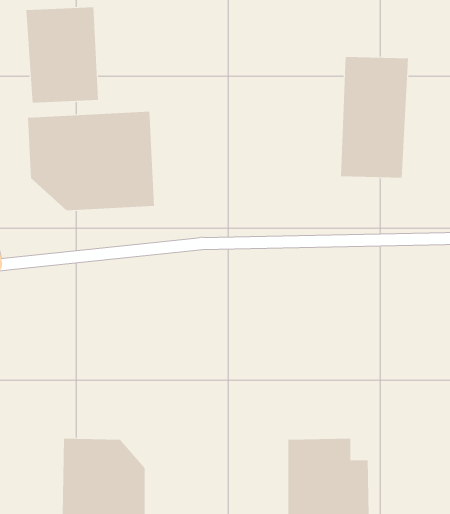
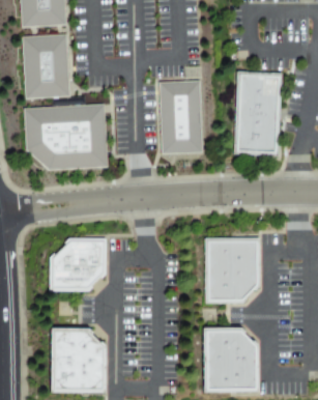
building: none -> [157,80,200,152]
building: none -> [51,237,107,291]
building: none -> [201,237,257,303]

